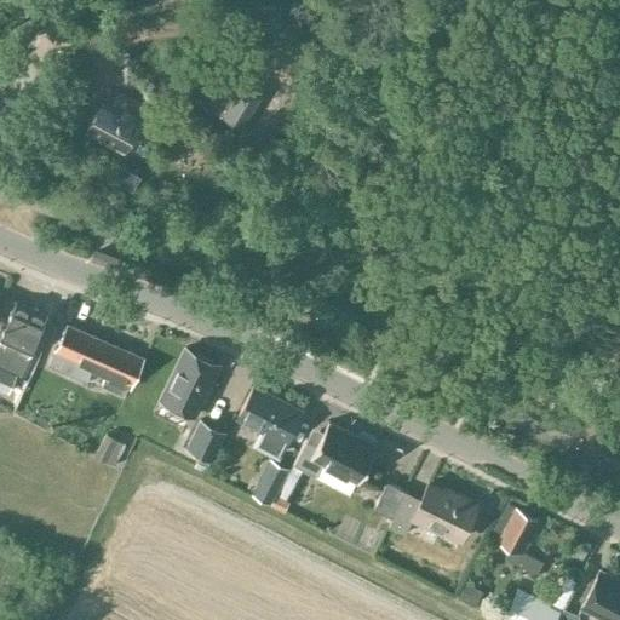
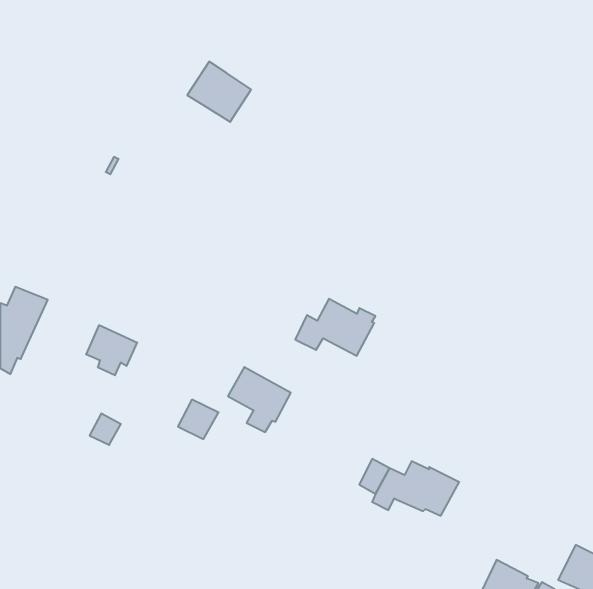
building: [88,97,147,150] -> none
building: [50,327,104,384] -> none
building: [161,351,219,418] -> none
building: [294,424,378,483] -> [295,299,375,356]
building: [253,461,289,505] -> none
building: [496,509,544,578] -> none

